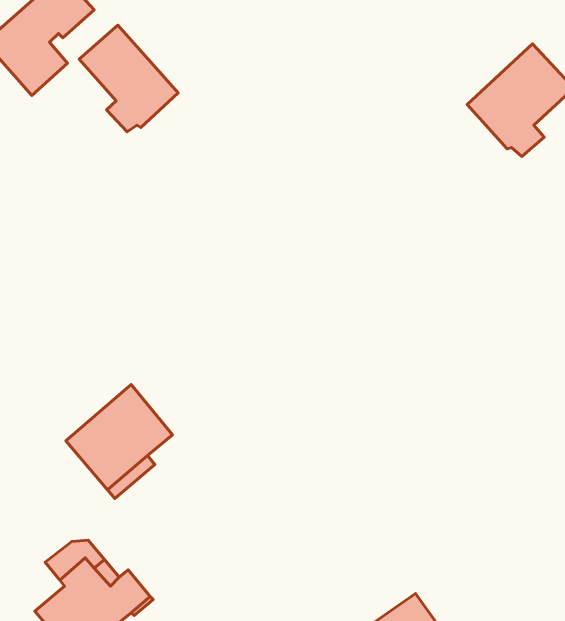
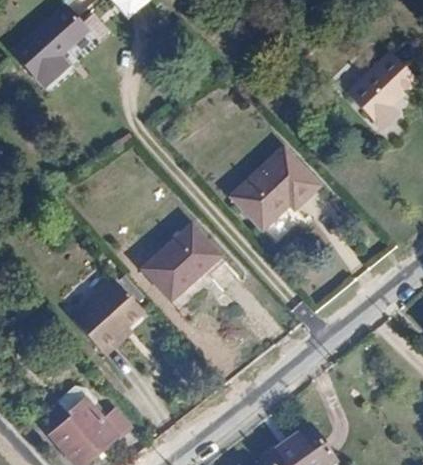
building: [79,25,178,132] -> none
building: none -> [234,151,321,231]
building: none -> [142,224,219,301]

